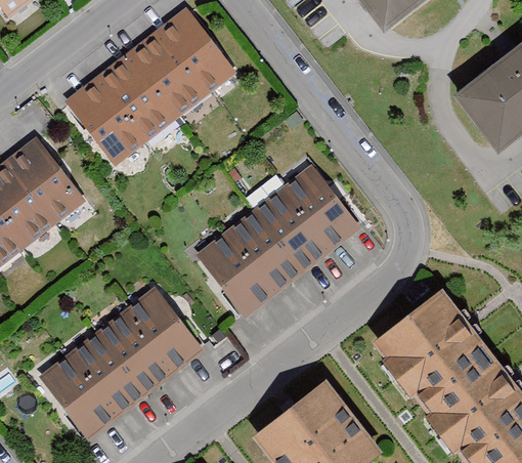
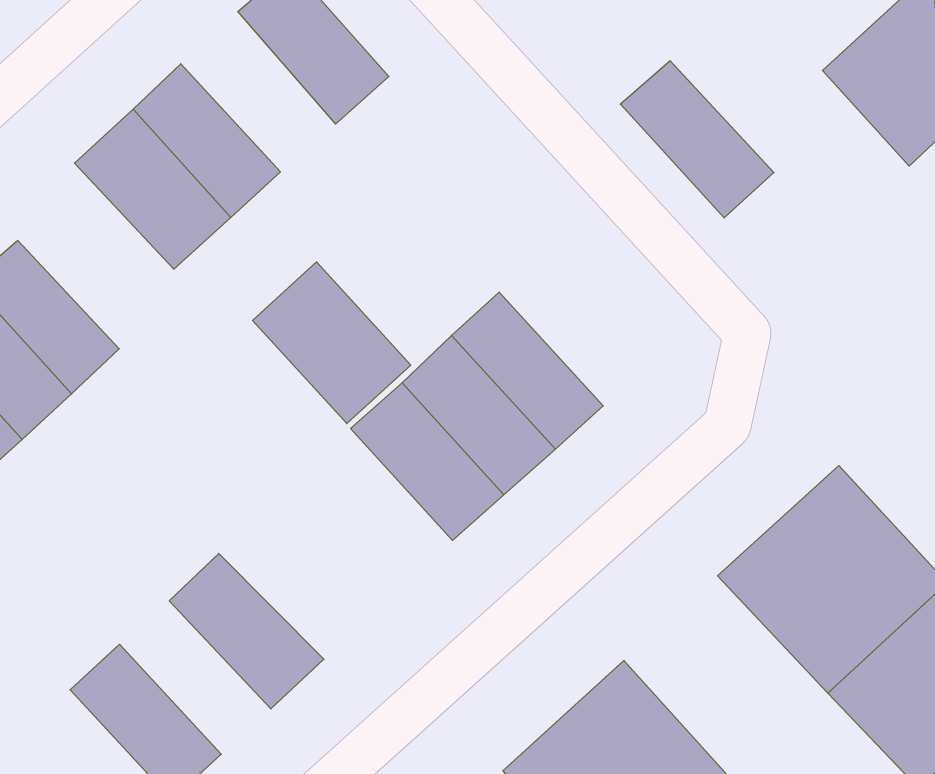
building: [124,32,202,117] -> none
building: none -> [253,262,411,424]
building: [279,168,356,252] -> [620,61,774,218]
building: [123,290,200,372] -> none
building: [68,335,143,417] -> none

